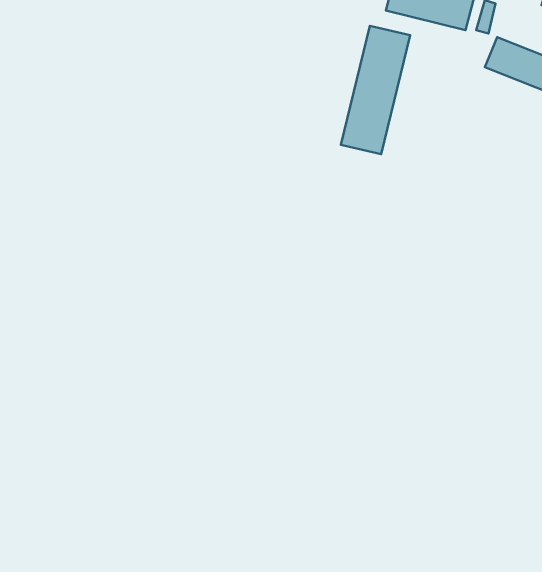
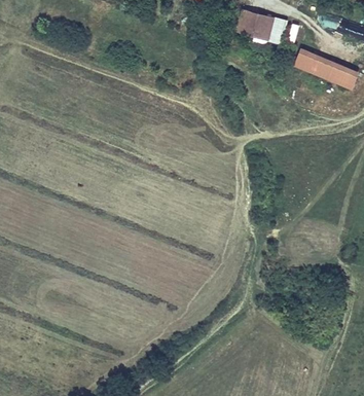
building: [341,26,410,154] -> none

